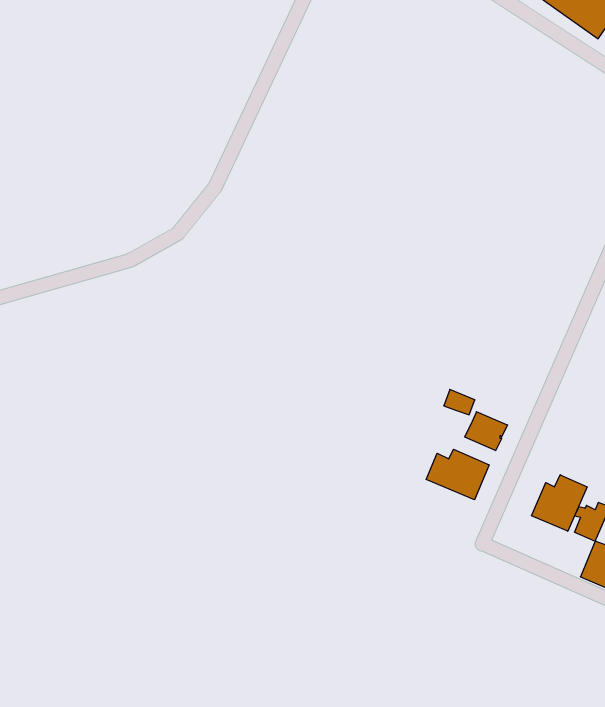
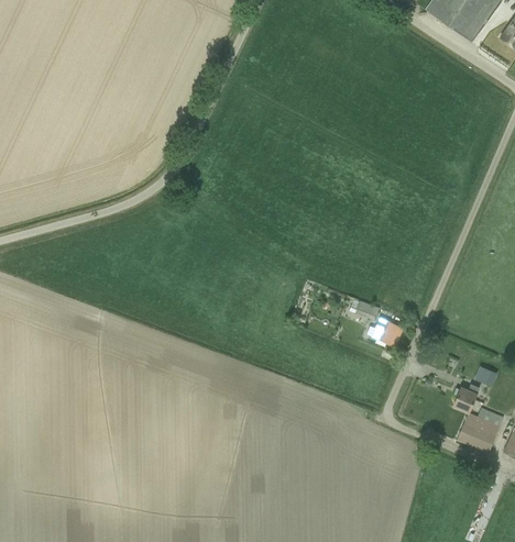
building: [426,449,489,500] -> none
building: [531,475,587,531] -> none

